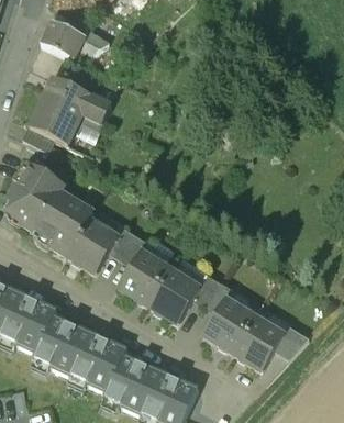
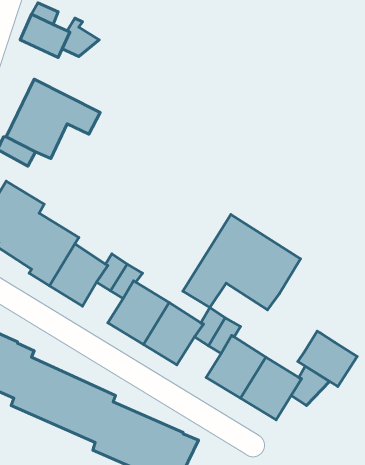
building: none -> [183,214,300,310]
building: none -> [298,331,357,387]

